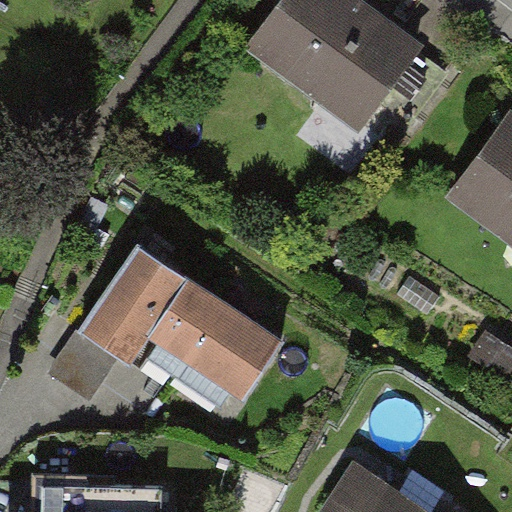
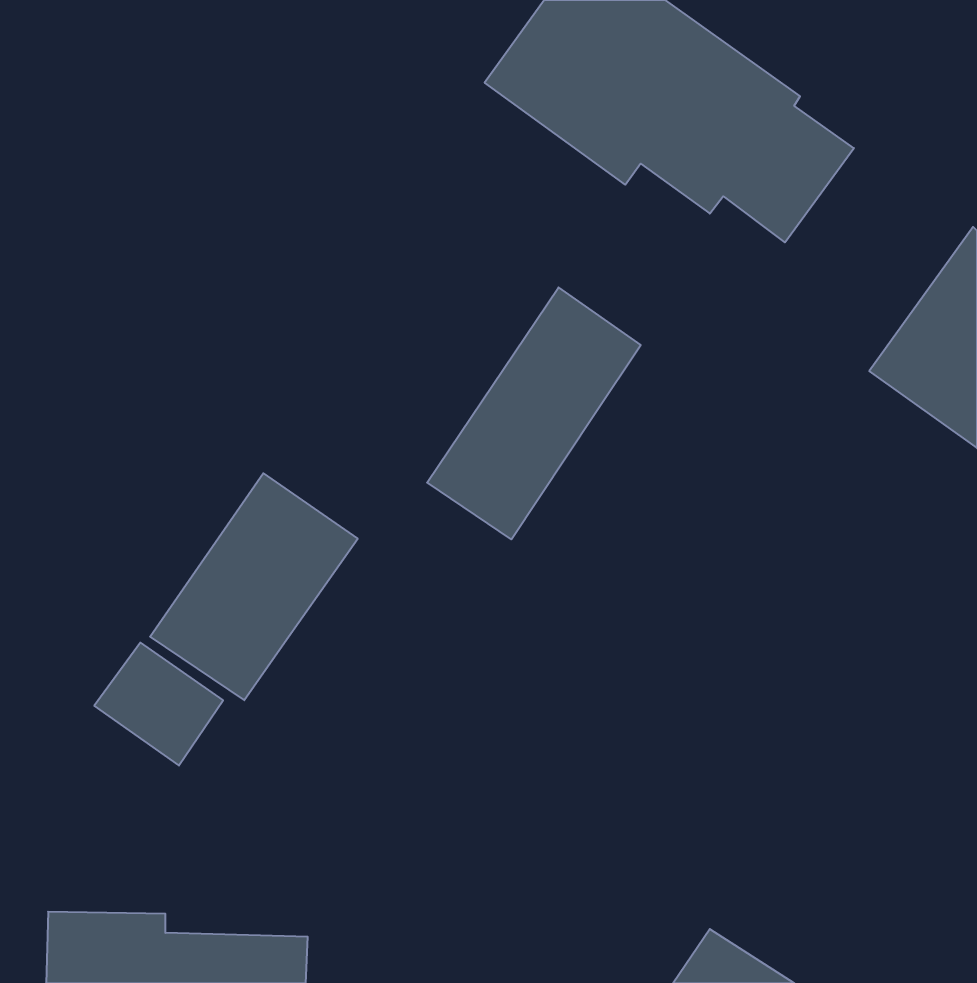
building: none -> [427,287,641,539]
building: [148,280,280,398] -> none

